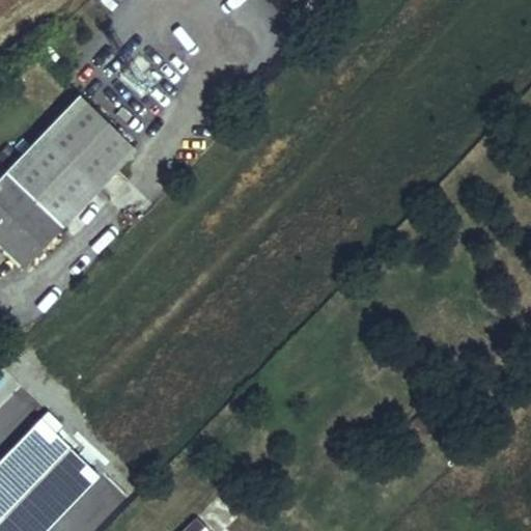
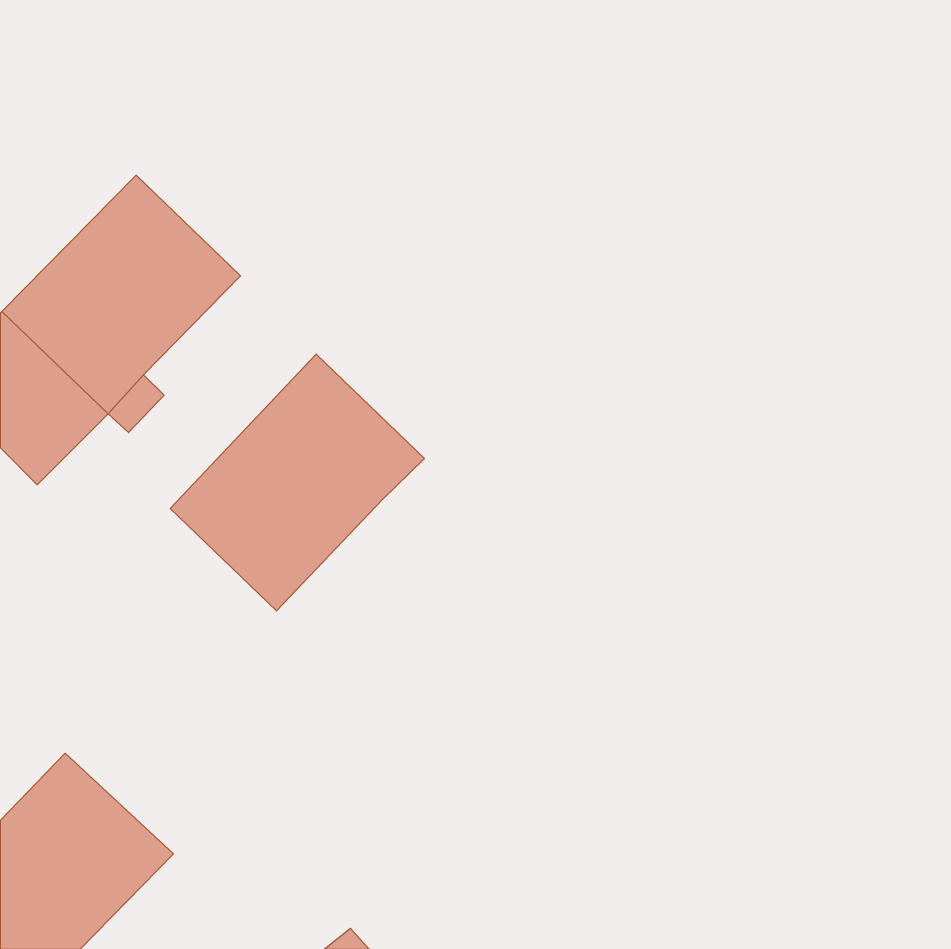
building: none -> [170,354,424,611]

